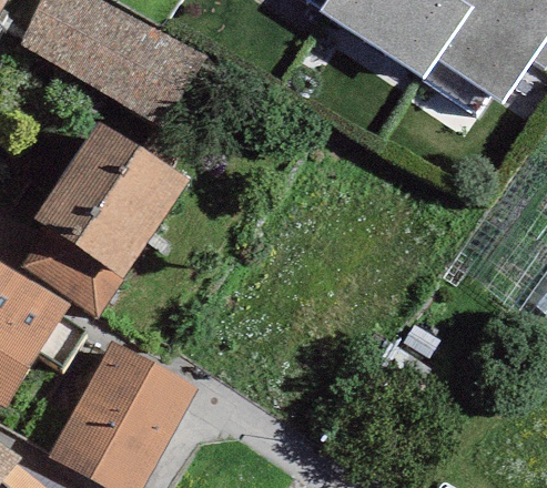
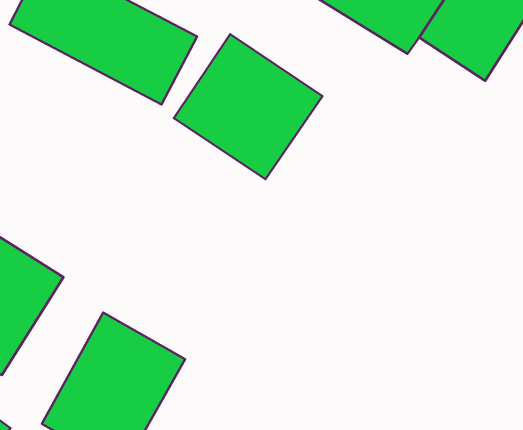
building: none -> [174,34,322,179]
building: [18,118,189,317] -> none

